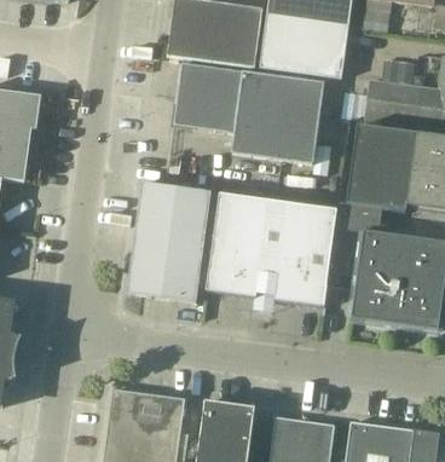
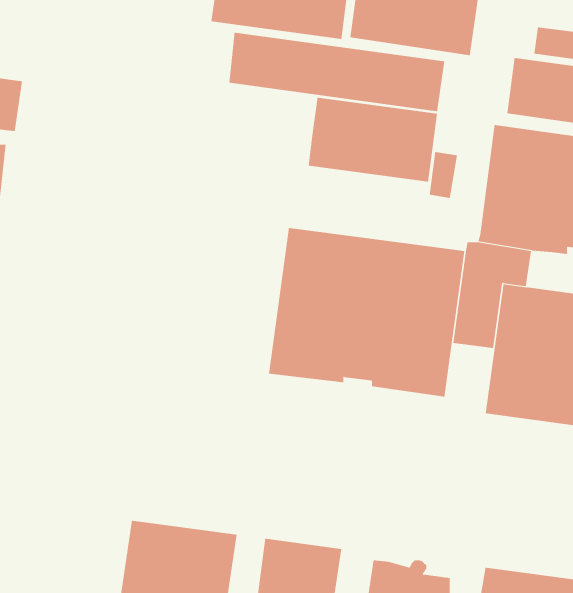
building: [173,97,237,131] -> none
building: [126,181,210,301] -> none

